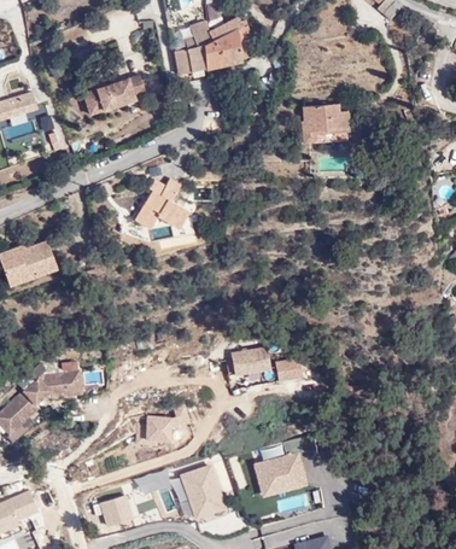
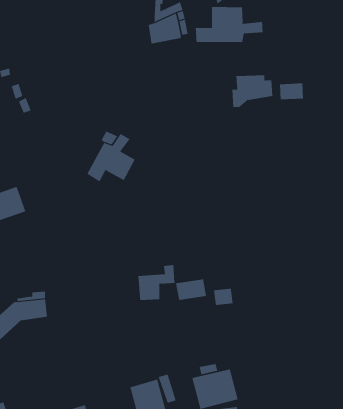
building: none -> [195,6,263,43]
building: [174,24,207,74] -> none
building: [83,76,146,117] -> none
building: none -> [280,82,303,100]
building: [144,405,188,448] -> [138,265,175,300]

